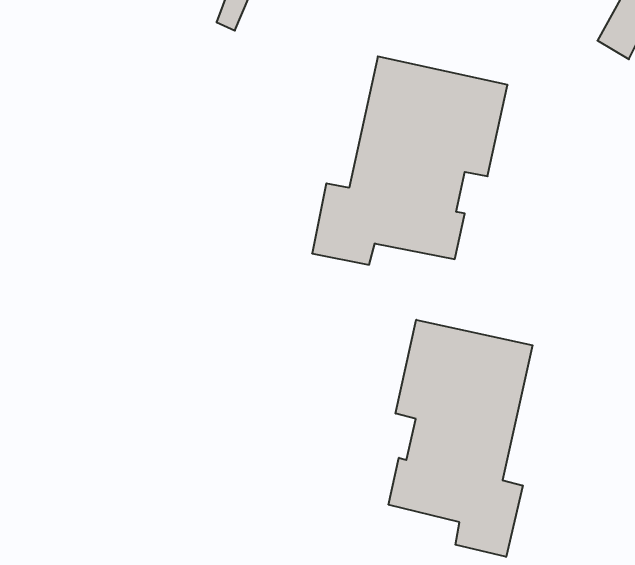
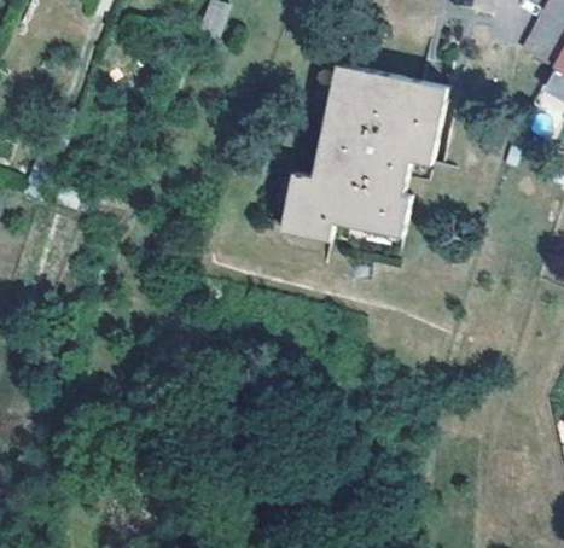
building: [389,320,533,557] -> none

